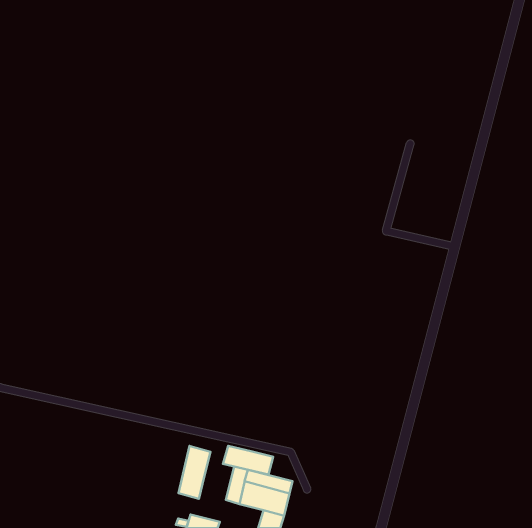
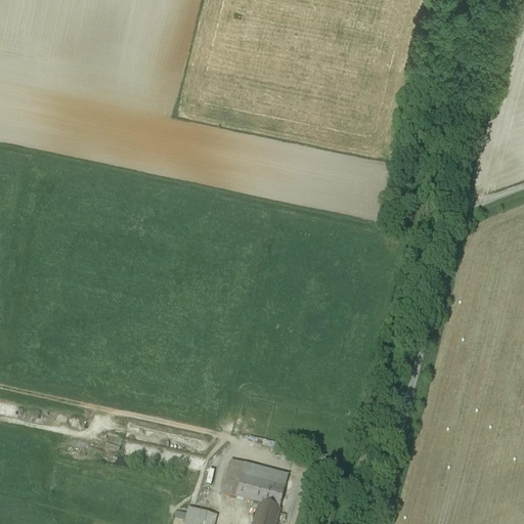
building: [223,446,273,474] -> none
building: [179,446,210,499] -> none

